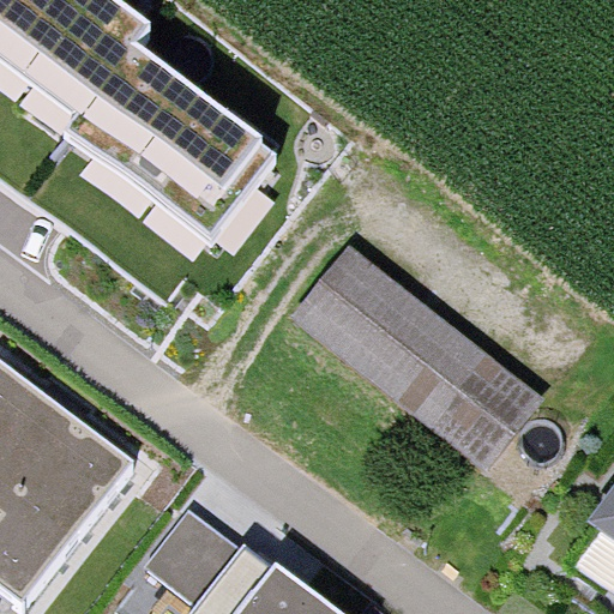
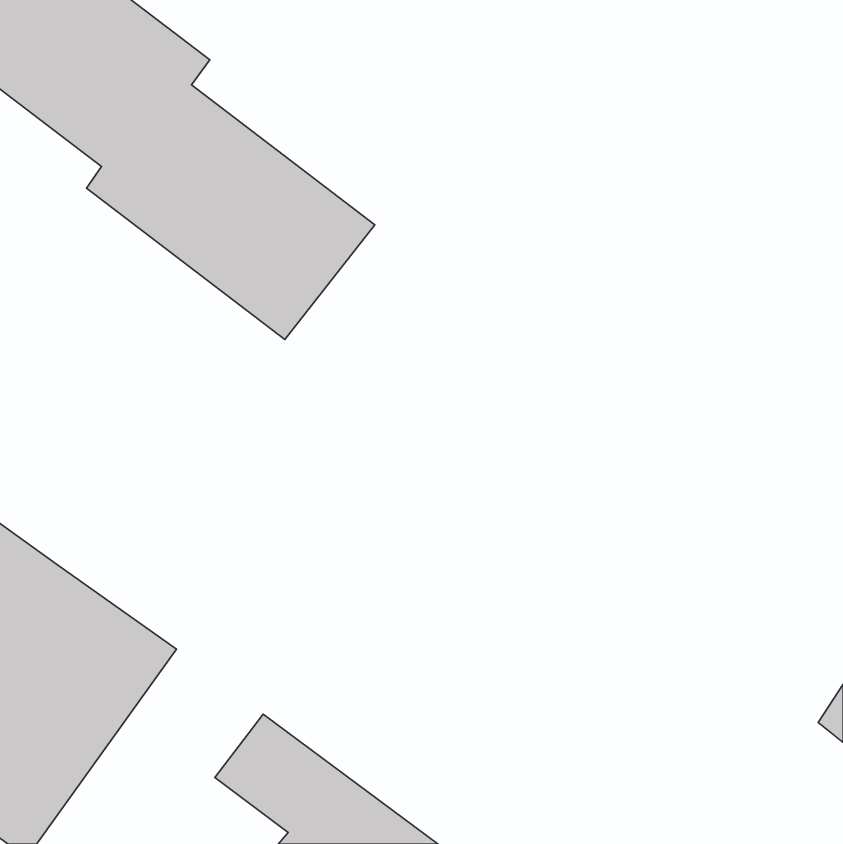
building: [293,243,537,463] -> none

